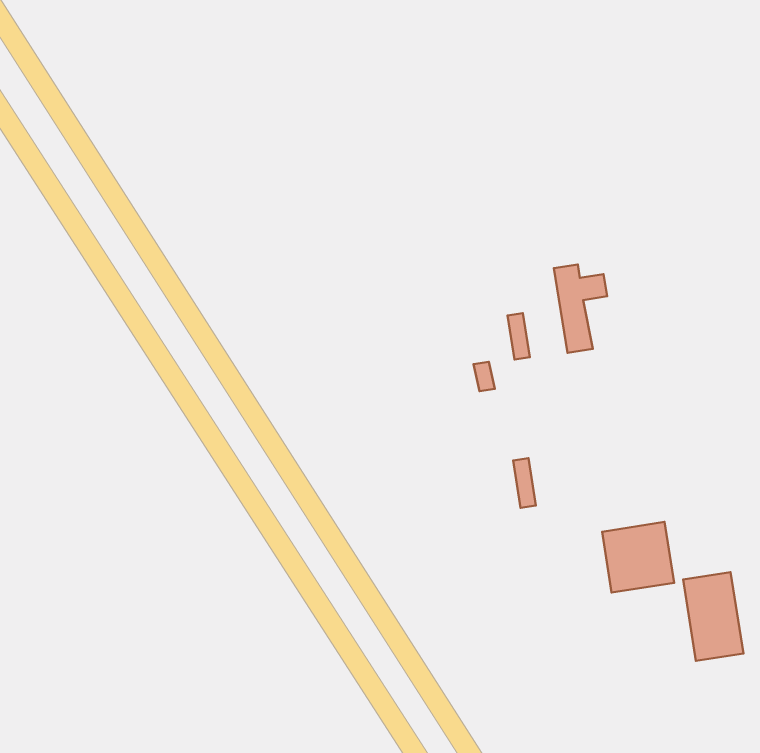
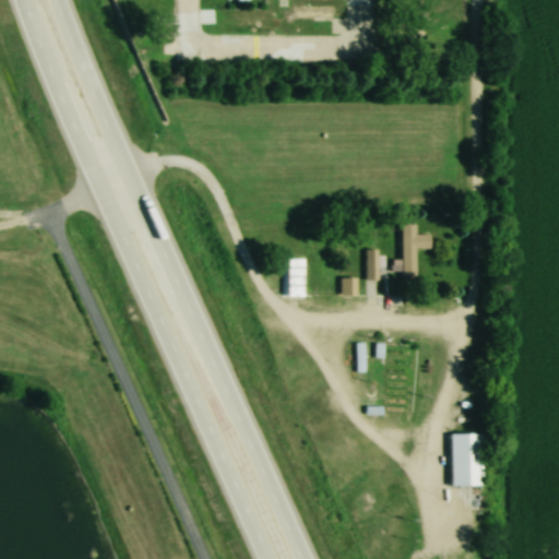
building: none -> [287,258,306,296]
building: [602,522,674,593] -> none

